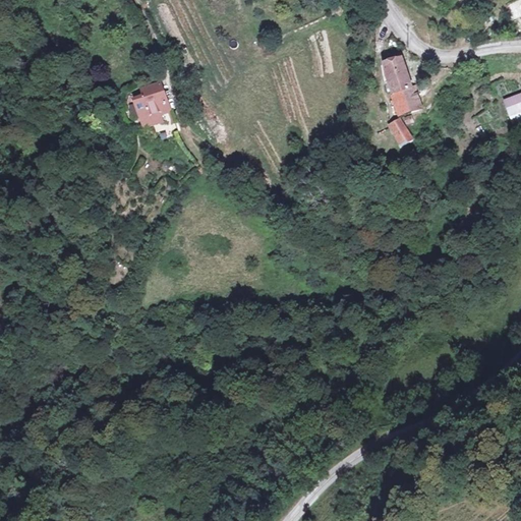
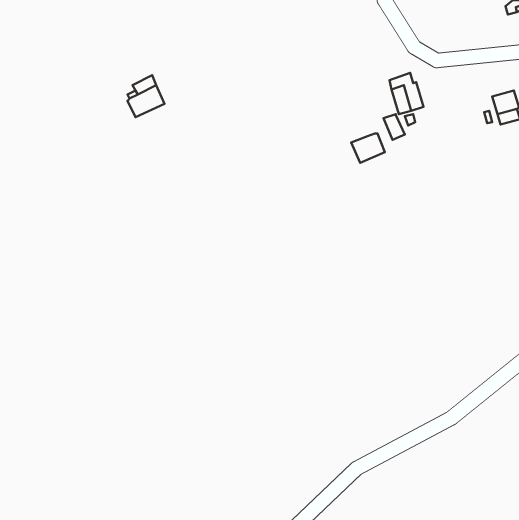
building: [387,57,412,84] -> none
building: none -> [351,134,385,163]

